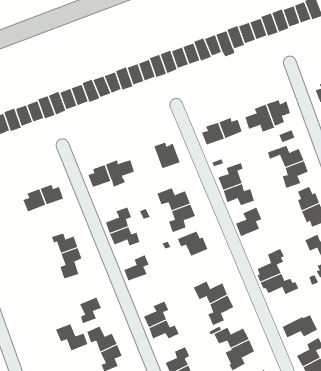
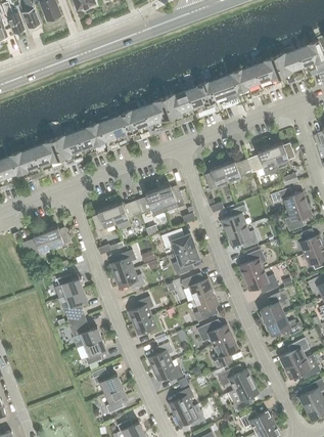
building: none -> [135,188,166,216]
building: none -> [243,270,278,293]
building: none -> [193,291,218,320]
building: none -> [132,313,164,335]
building: none -> [278,337,309,367]
building: [55,323,88,351] -> [68,317,101,345]

